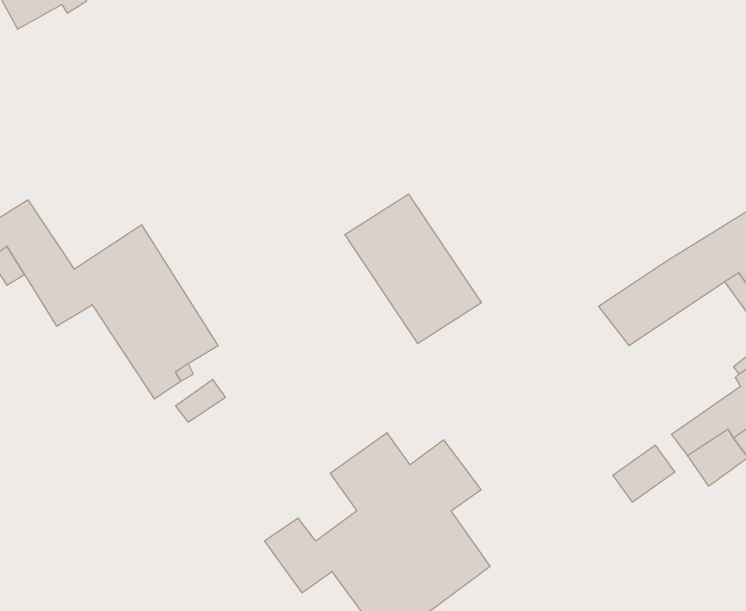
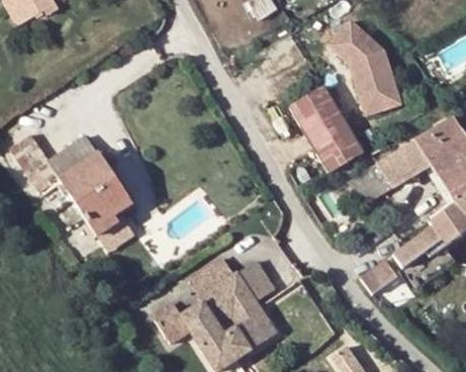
building: none -> [338,15,408,120]
building: [345,194,482,343] -> [281,89,359,174]

